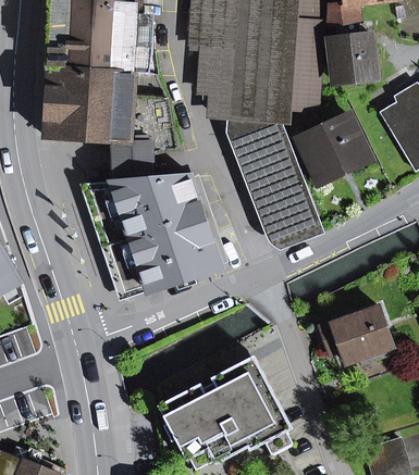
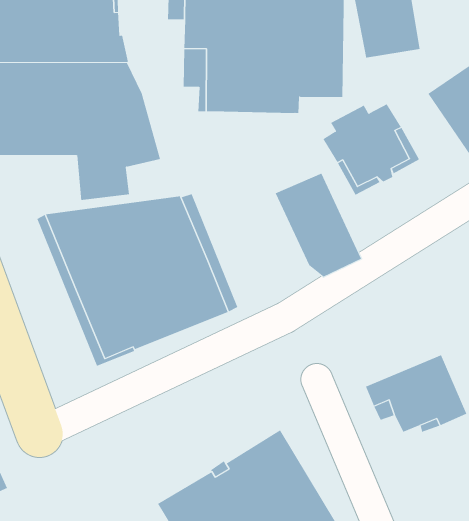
building: [224,114,295,248] -> none

